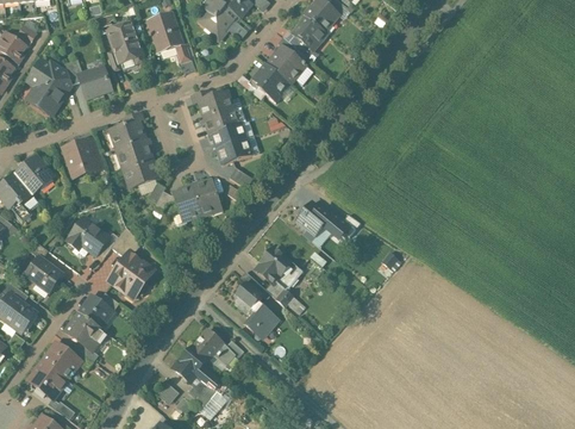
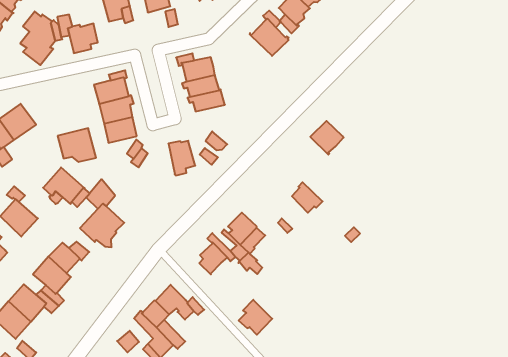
building: [250,62,290,101] -> none
building: [63,136,105,172] -> [58,128,96,162]
building: [213,137,251,163] -> none
building: [174,182,201,218] -> none
building: [296,200,331,235] -> [310,121,344,155]
building: [244,300,279,336] -> [239,300,272,335]

